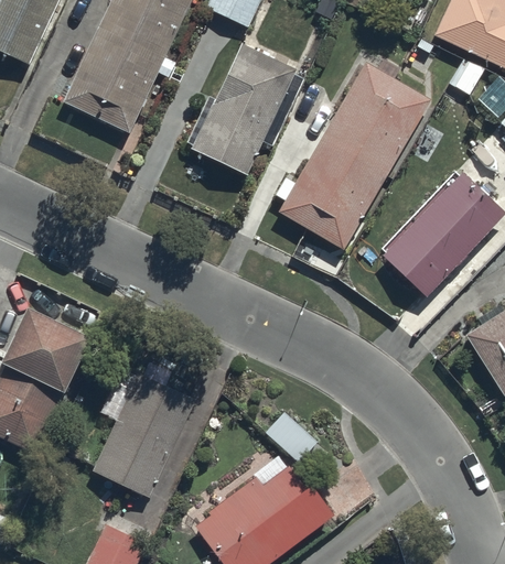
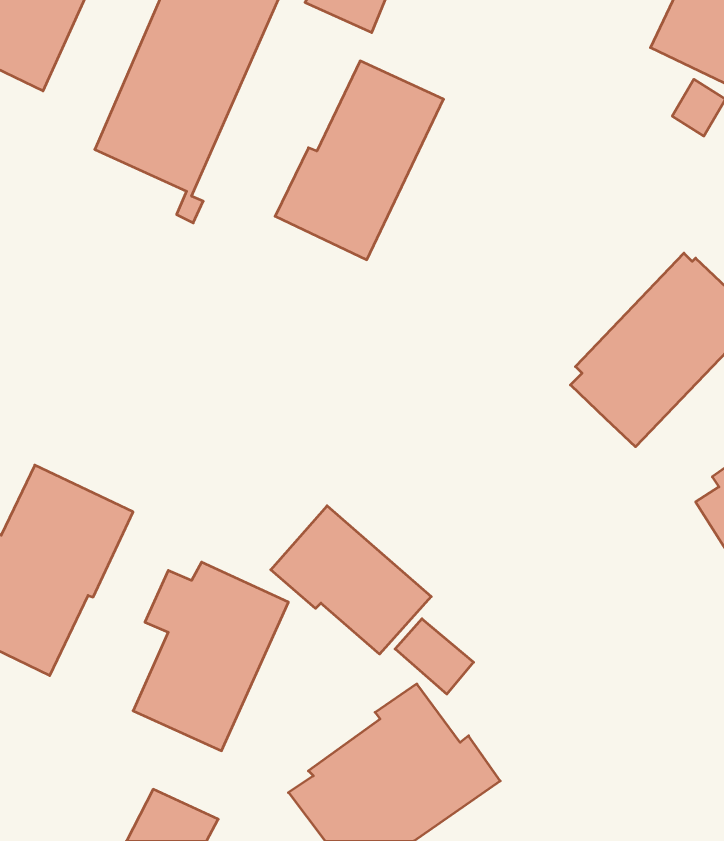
building: [276,58,431,250] -> none
building: none -> [271,506,431,654]

